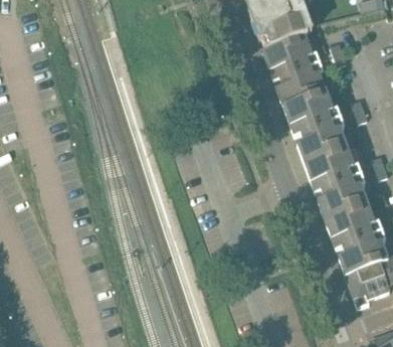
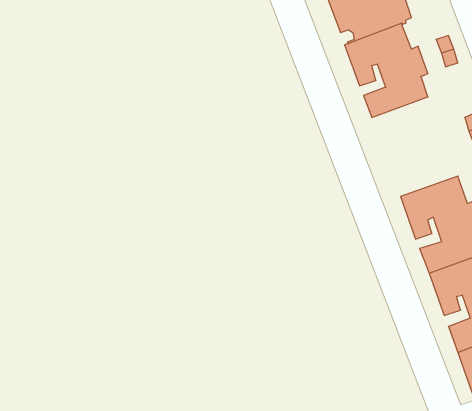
building: [283,88,347,161] -> none

